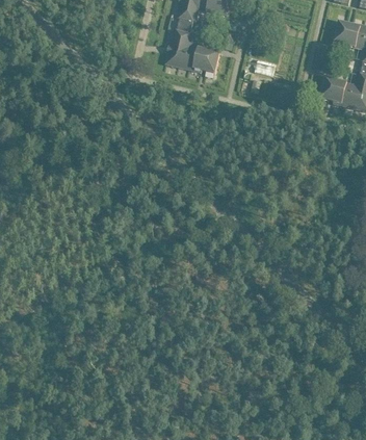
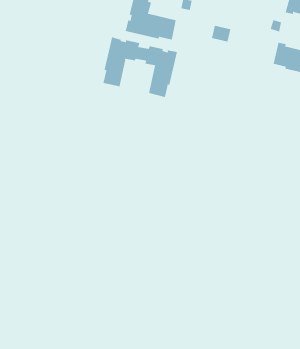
building: none -> [103,37,177,98]

